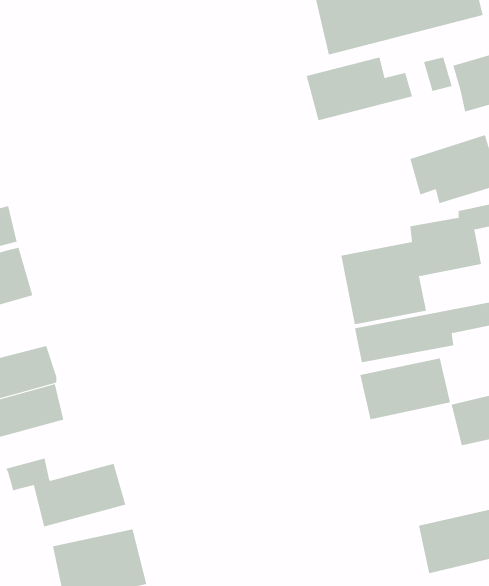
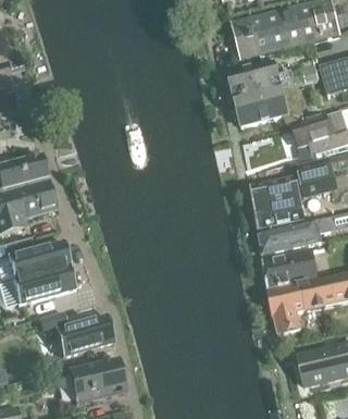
building: none -> [235,85,303,126]
building: none -> [268,279,325,333]

